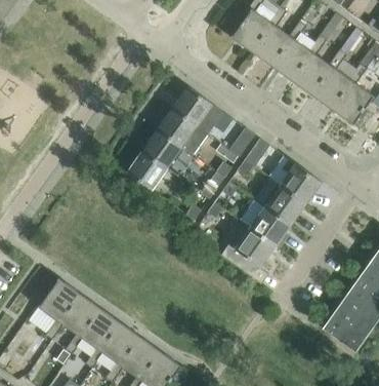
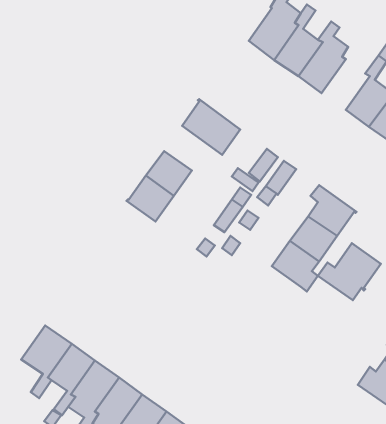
building: [291,35,332,95] -> none
building: [158,109,207,155] -> none
building: [220,228,273,276] -> [318,243,381,300]

